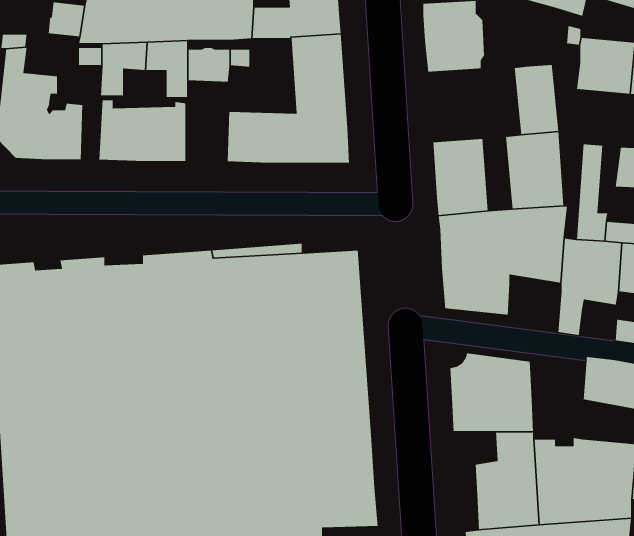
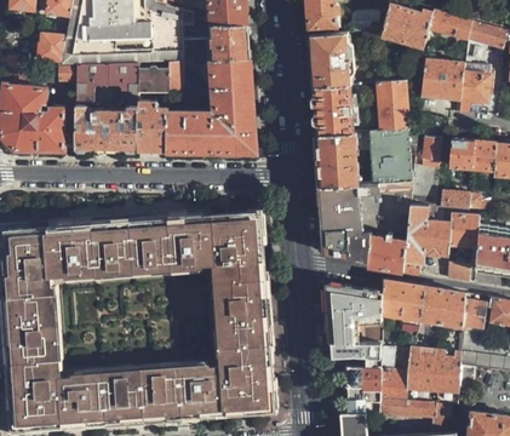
building: none -> [311,84,351,136]
building: none -> [138,102,170,150]
building: none -> [369,237,407,272]
building: none -> [384,282,425,321]

